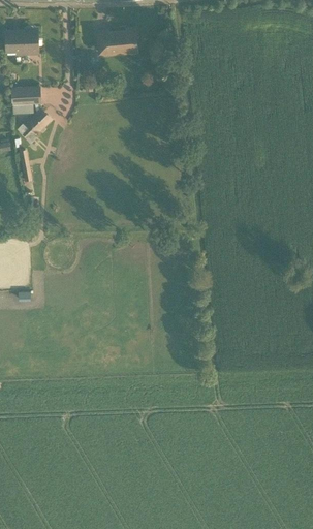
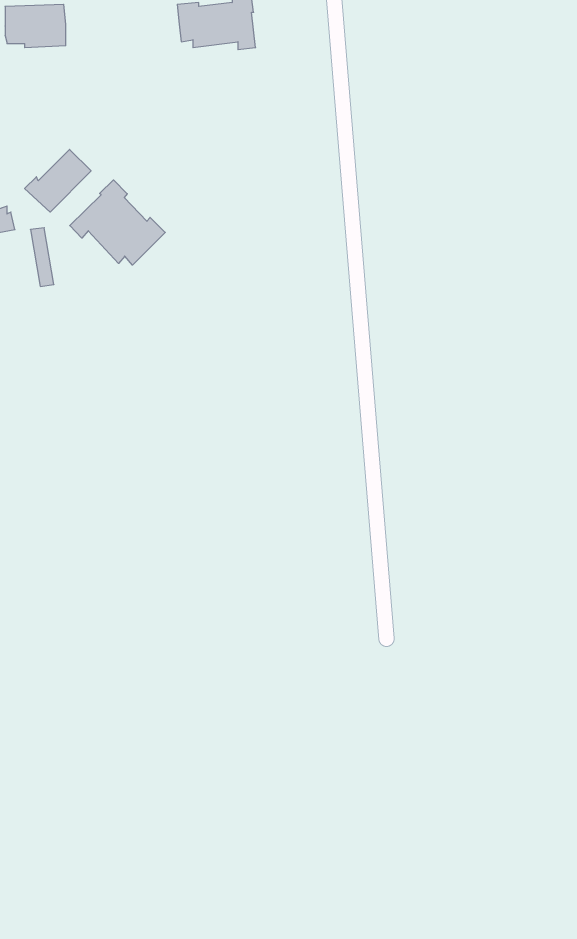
building: [11,86,39,114] -> none
building: none -> [70,180,165,265]

